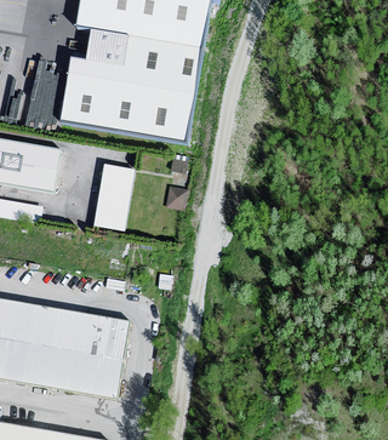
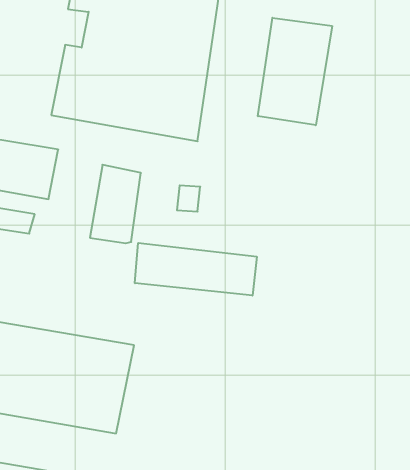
building: none -> [258,18,332,125]
building: none -> [135,243,257,296]

